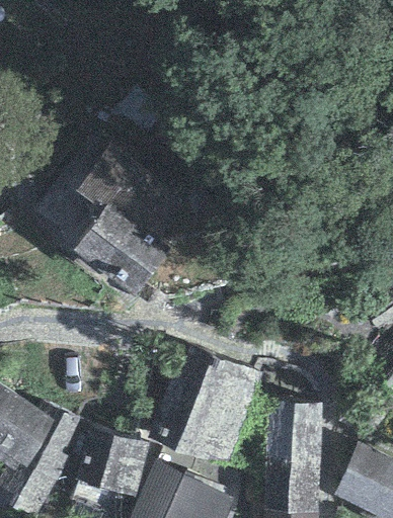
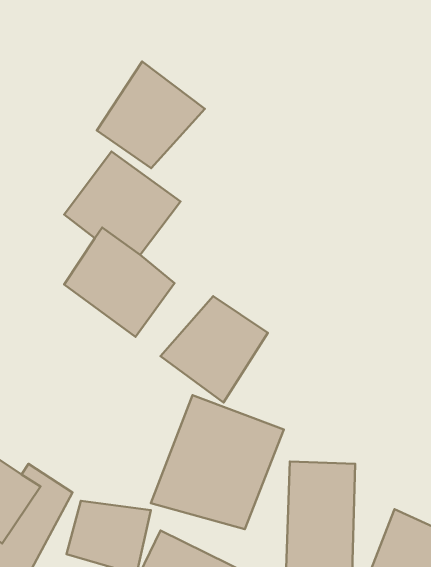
building: none -> [97,62,205,168]
building: none -> [160,296,268,402]

